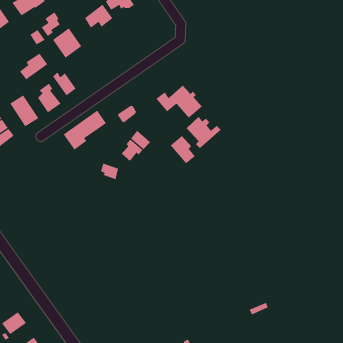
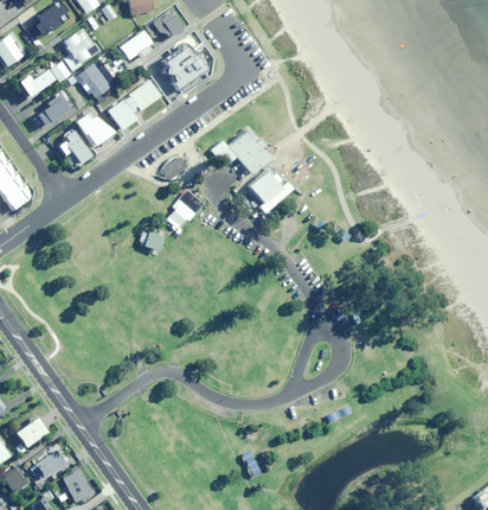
building: none -> [162,43,207,89]
building: none -> [19,69,54,97]
building: [9,94,39,127] -> none
building: [63,110,107,150] -> [107,79,162,130]
building: [170,135,195,164] -> none

